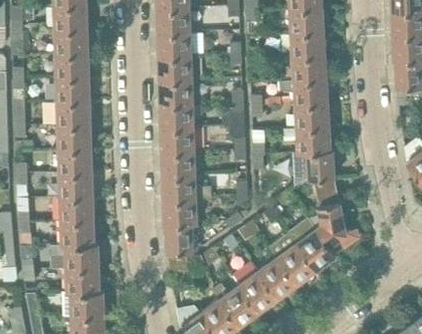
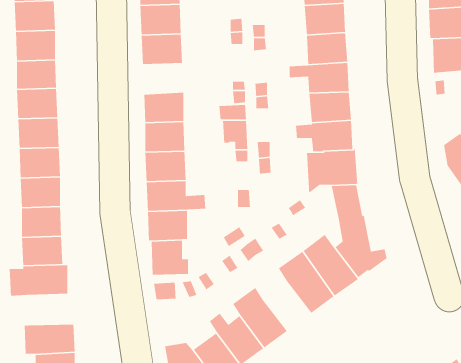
building: [159,86,193,111] -> none
building: [257,264,296,304] -> none
building: [65,274,103,299] -> none

